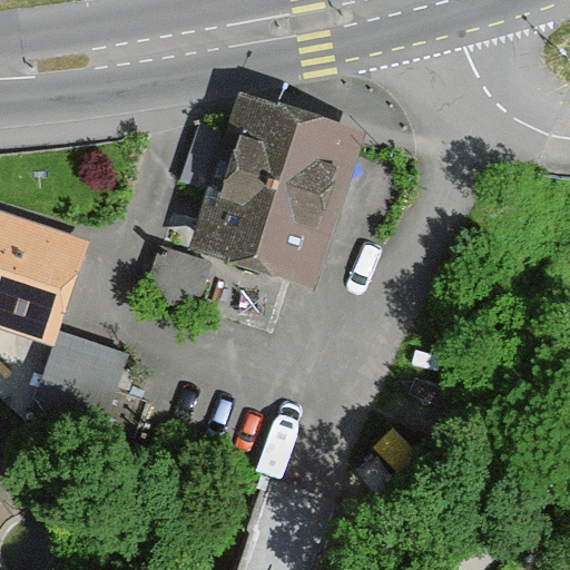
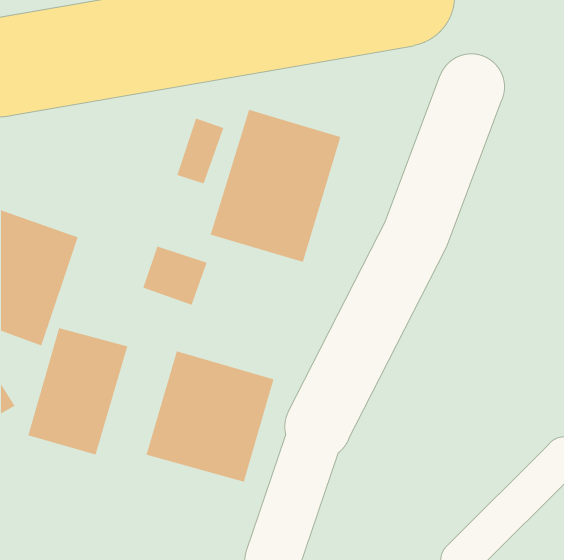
building: none -> [146,351,274,482]

